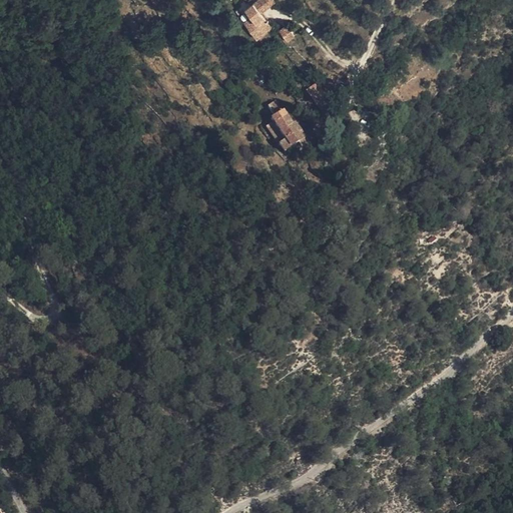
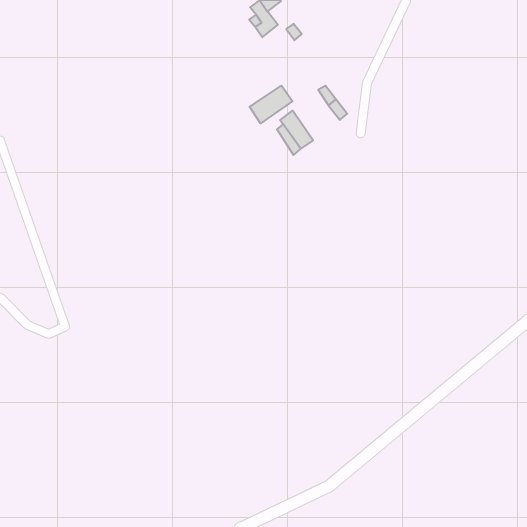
building: none -> [250,86,292,123]

